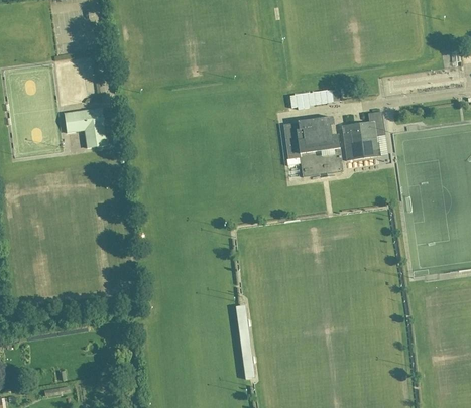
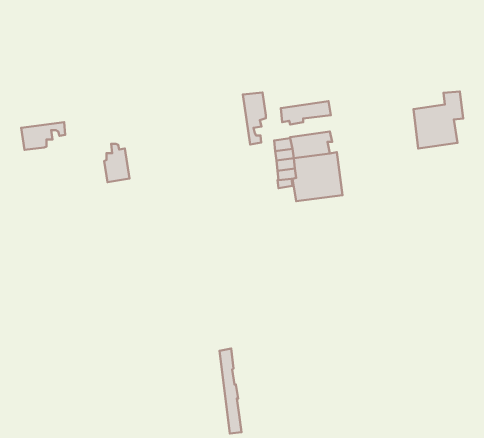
building: none -> [243,92,266,145]
building: [341,111,384,160] -> [413,92,463,149]
building: [83,115,105,148] -> [104,144,130,182]

